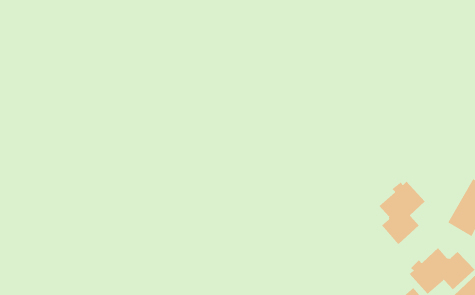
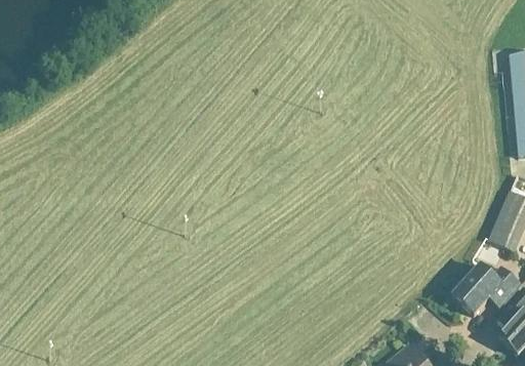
building: [379,181,425,245] -> none

